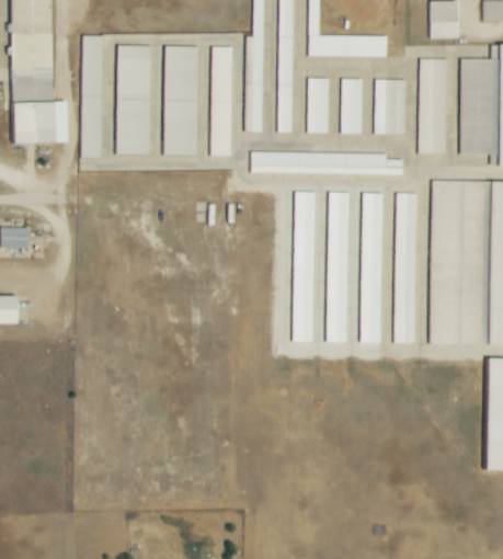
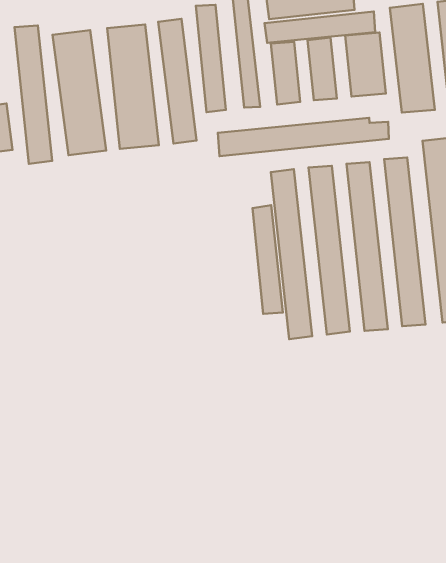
building: none -> [264,12,375,43]
building: none -> [252,205,283,314]

